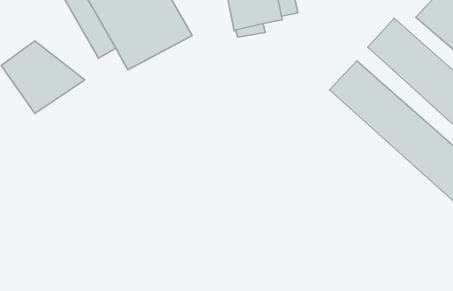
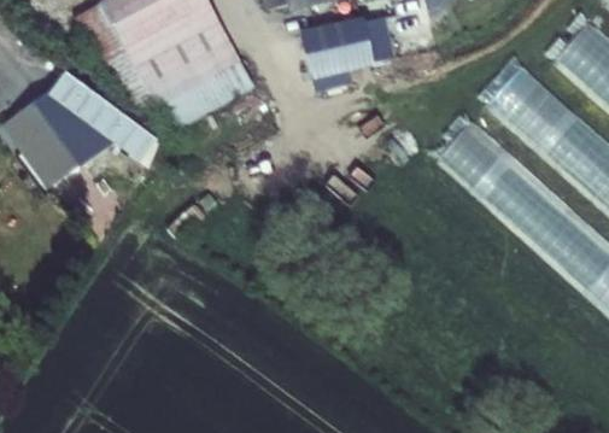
building: none -> [49,71,158,163]

